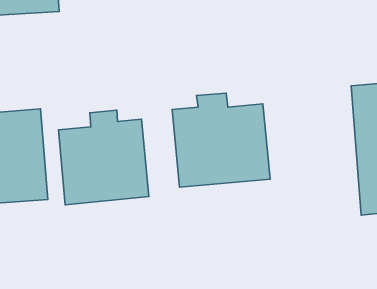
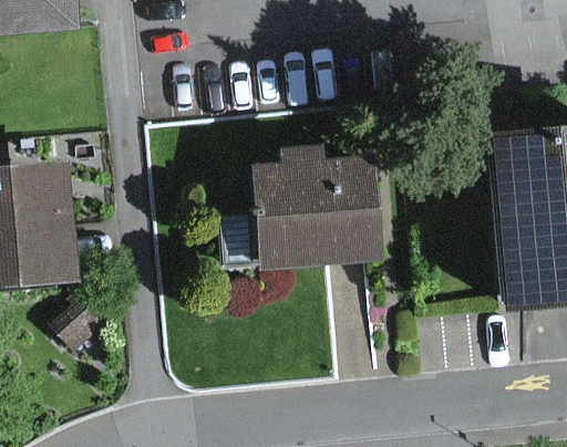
building: [58,110,149,205] -> none

